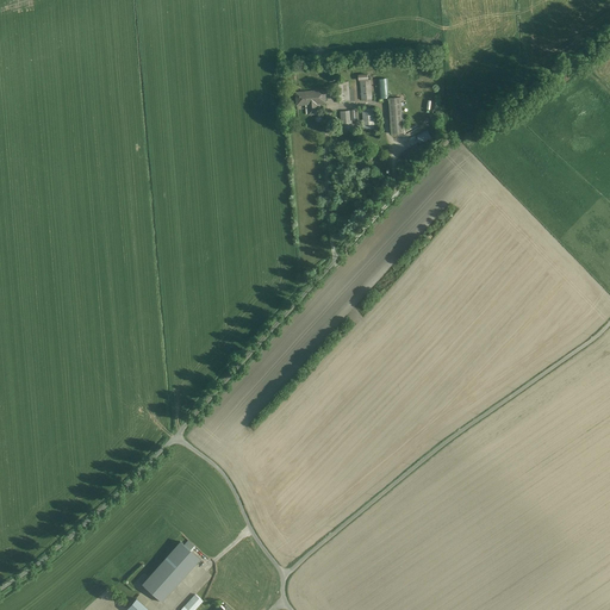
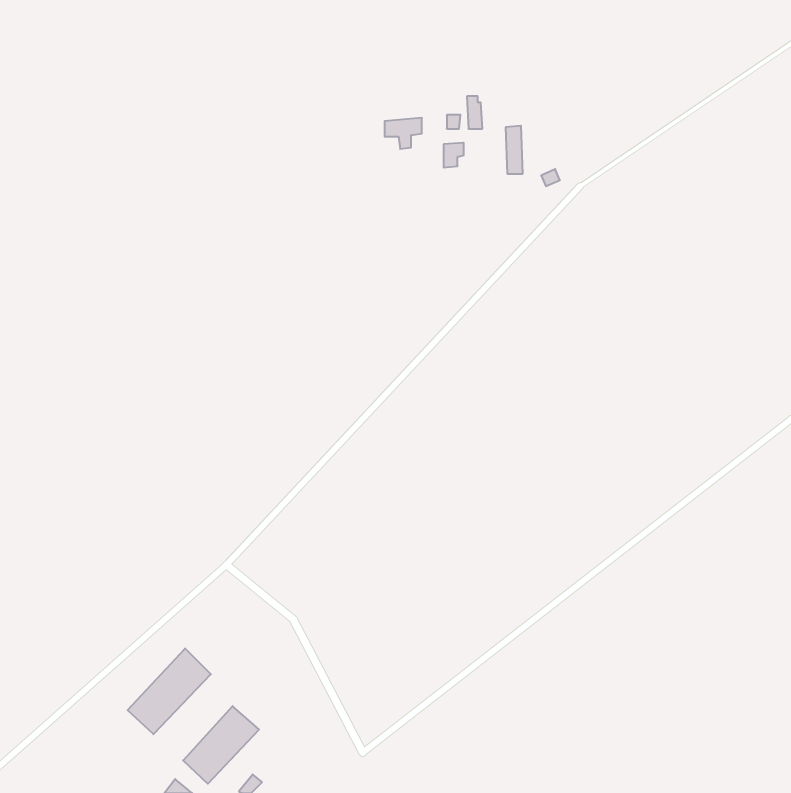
building: none -> [128,648,211,734]

